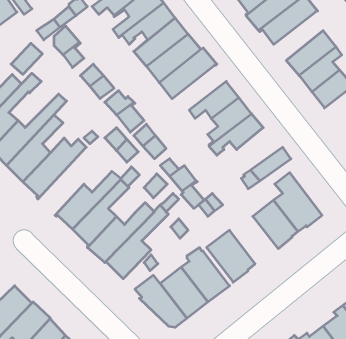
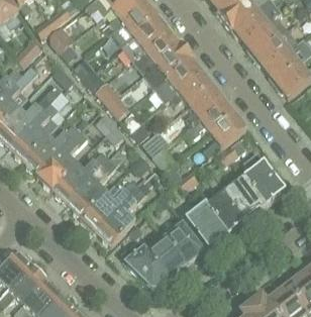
building: none -> [242,11,286,54]
building: none -> [153,57,201,101]
building: none -> [202,112,245,156]
building: none -> [36,129,87,189]
building: none -> [204,190,246,231]

